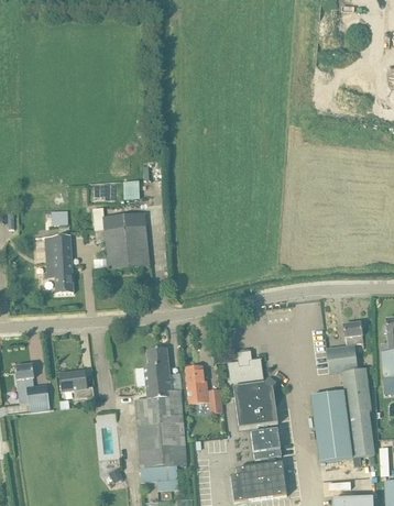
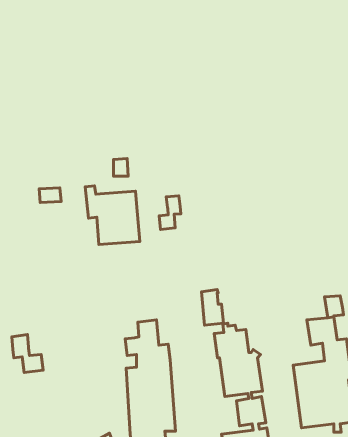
building: none -> [159,196,181,229]
building: [42,235,74,293] -> none
building: [186,365,209,403] -> [201,290,223,325]
building: [59,370,95,403] -> none

